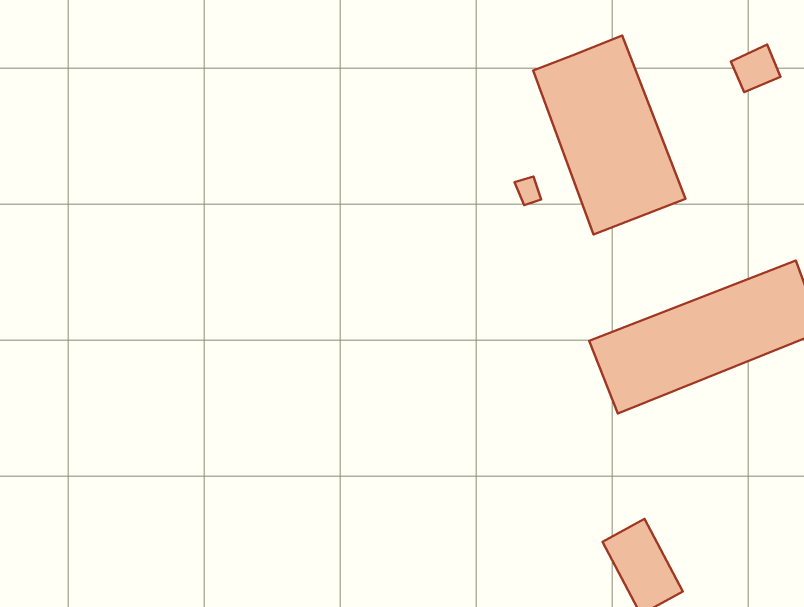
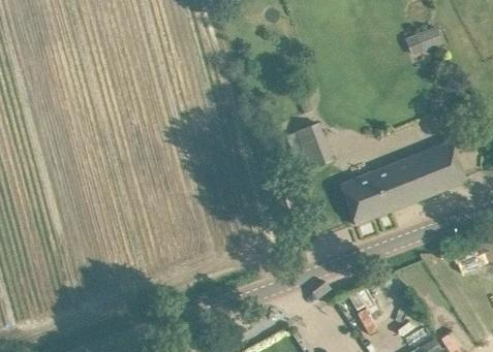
building: [533,35,686,234] -> none
building: none -> [289,124,332,173]

